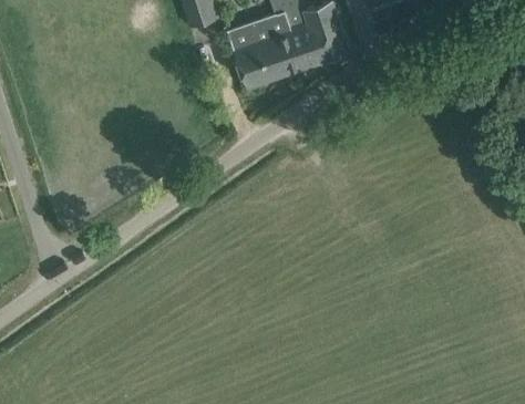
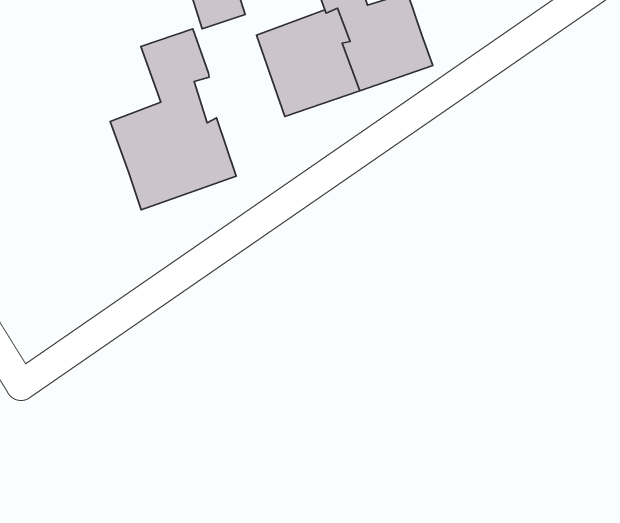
building: none -> [110,29,236,210]

